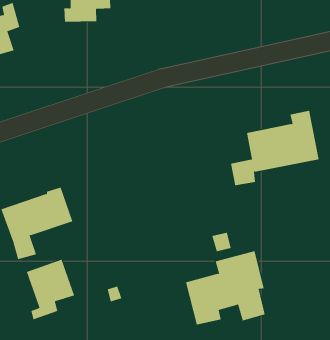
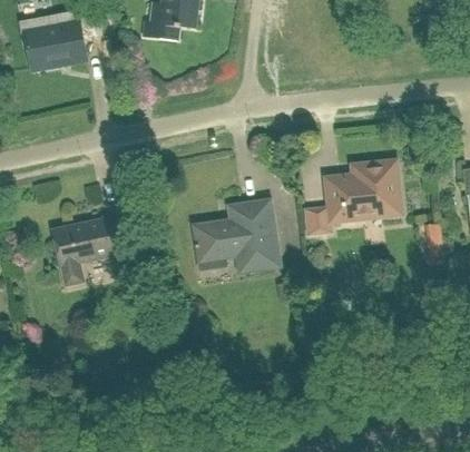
building: [185,250,265,325] -> [193,197,277,272]
building: [26,259,75,320] -> none

